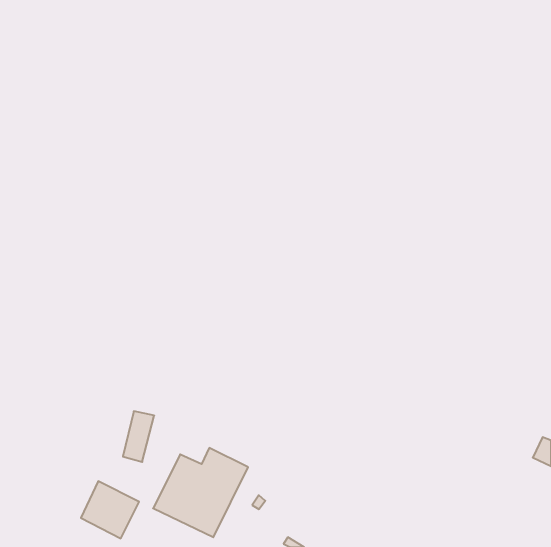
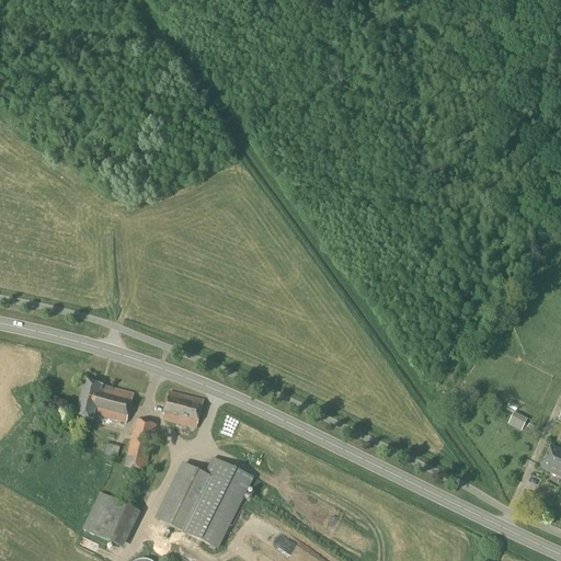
building: none -> [77,379,134,422]
building: none -> [162,390,204,426]

